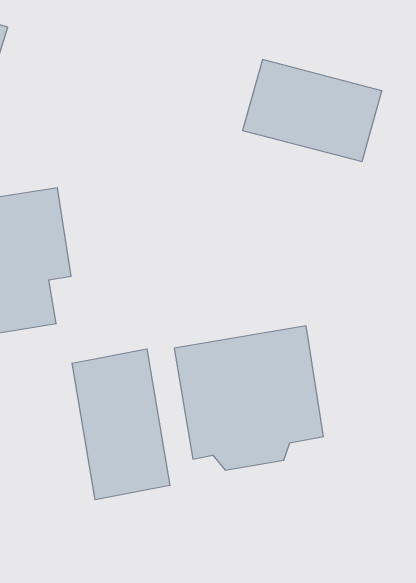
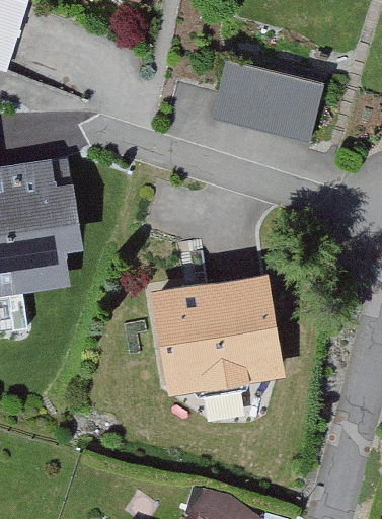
building: [72,349,170,500] -> none

